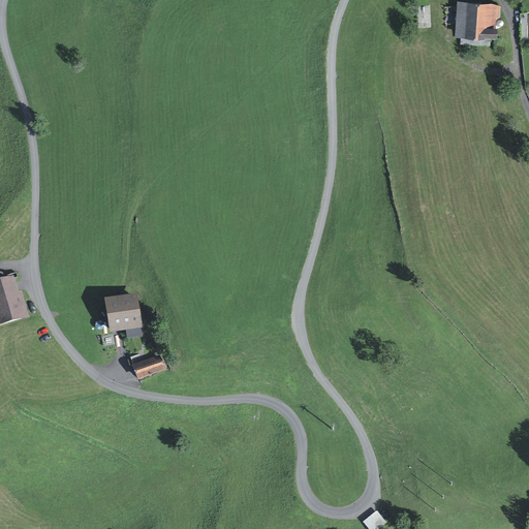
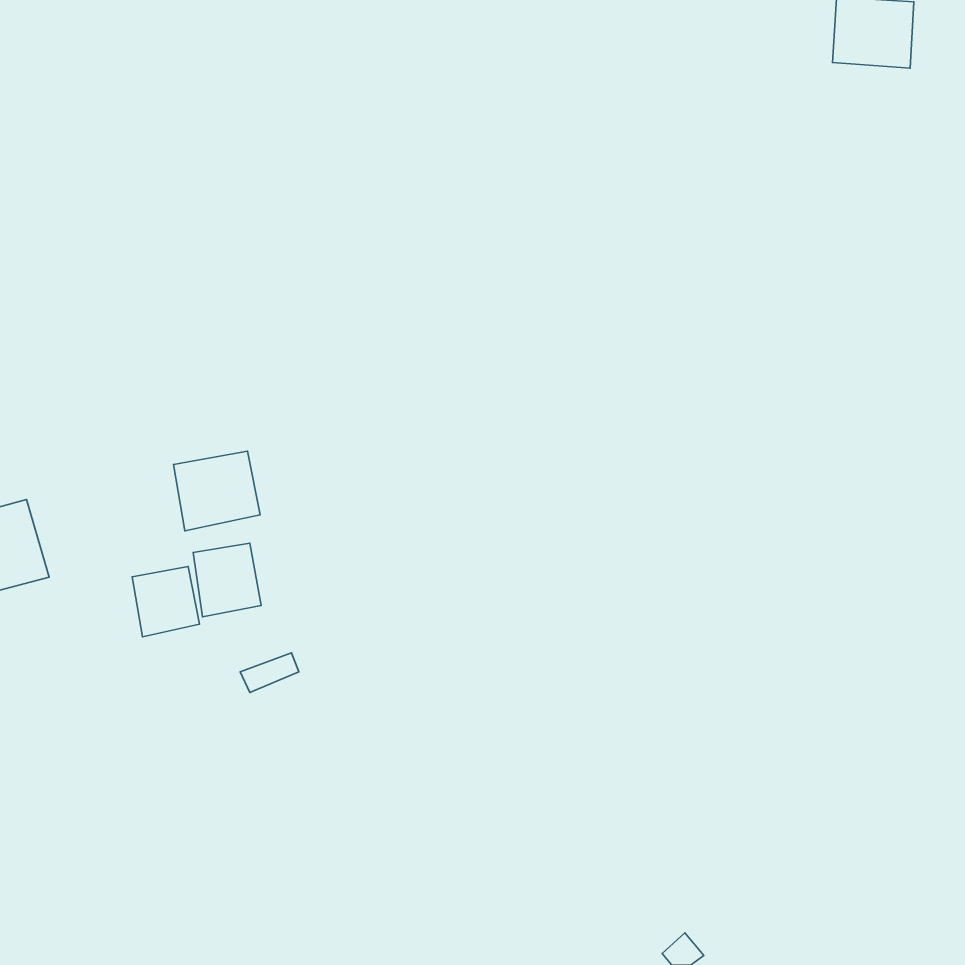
building: none -> [173,451,260,531]
building: none -> [132,567,199,637]

